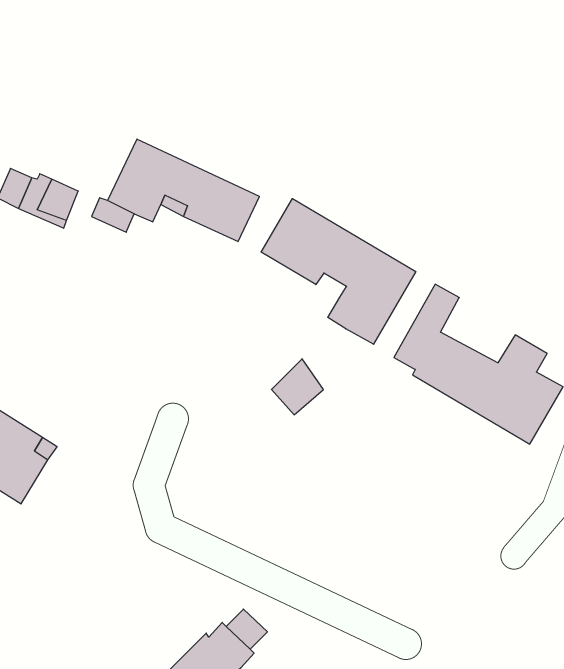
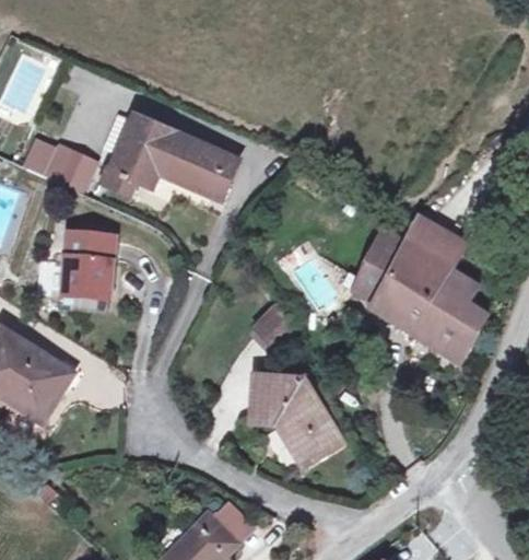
building: [261,199,416,344] -> none
building: none -> [387,226,462,301]
building: none -> [66,230,115,295]
building: none -> [254,377,340,457]

